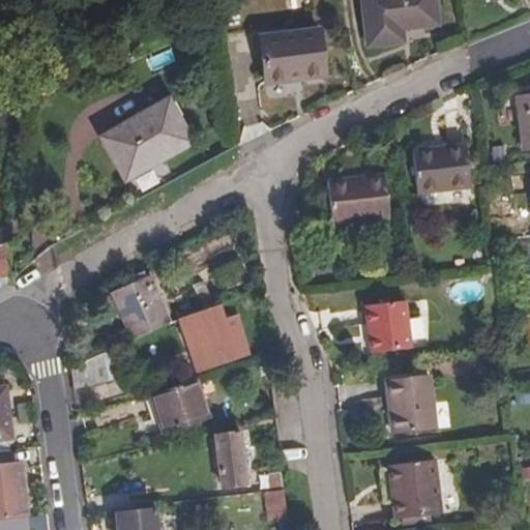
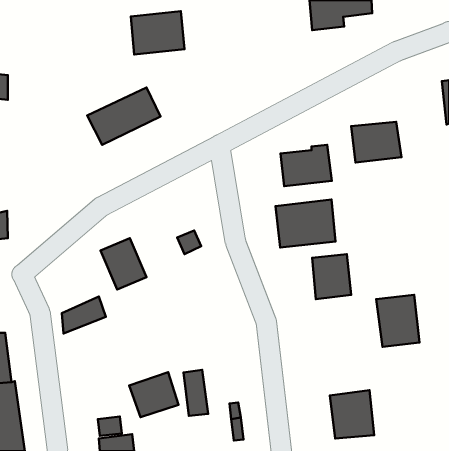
building: [262,29,325,80] -> [131,11,185,54]
building: none -> [276,200,336,248]
building: [177,306,249,374] -> none
building: [386,373,437,434] -> [376,295,420,347]
building: [152,380,210,433] -> [129,372,179,417]

